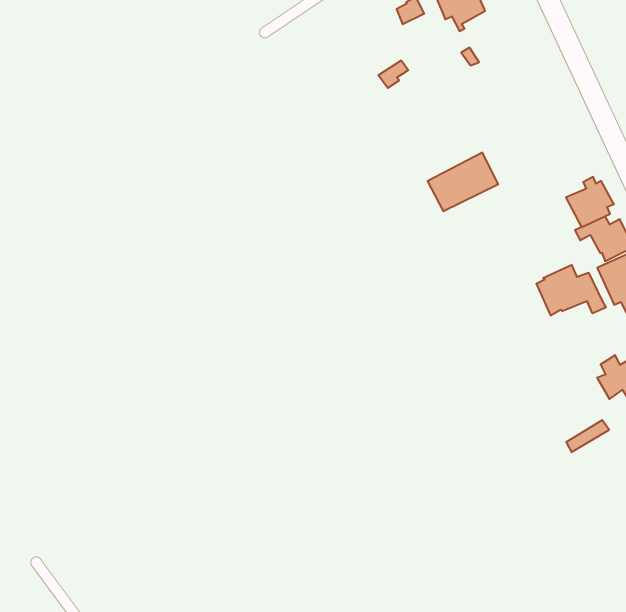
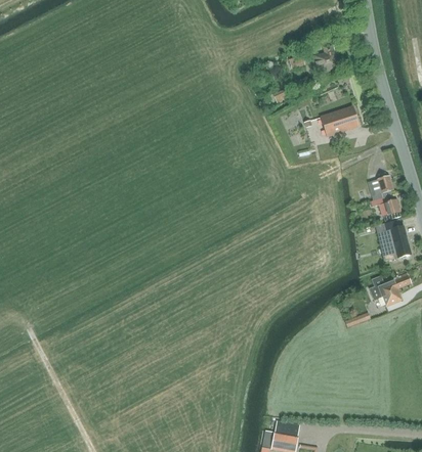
building: [428,153,498,211] -> [319,105,358,135]
building: [536,265,606,316] -> none

